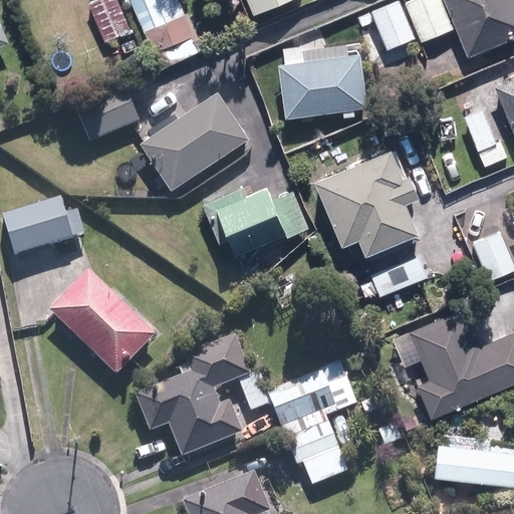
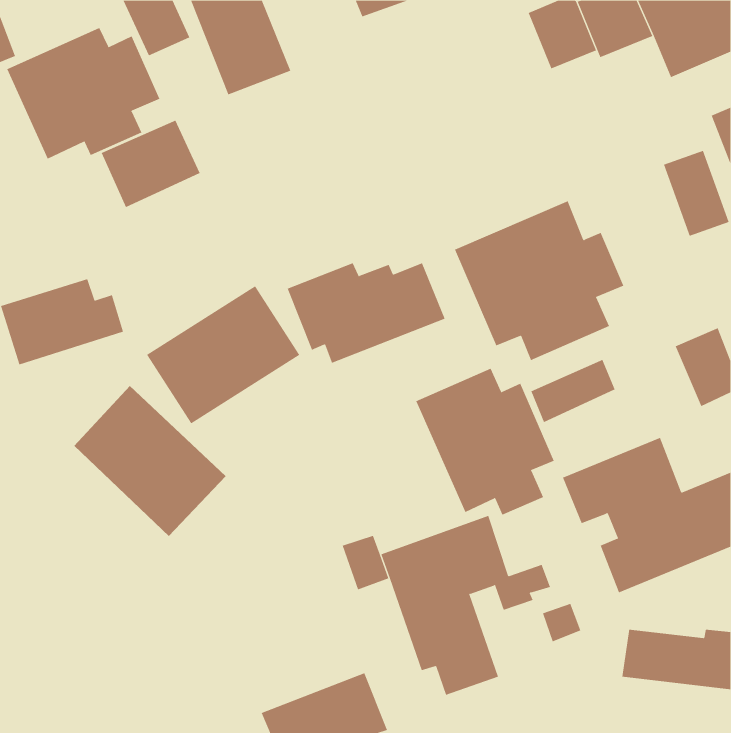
building: none -> [7,27,160,160]
building: [276,40,370,117] -> none
building: [142,96,249,193] -> [146,286,300,424]
building: none -> [416,368,555,516]
building: [137,333,251,457] -> none

